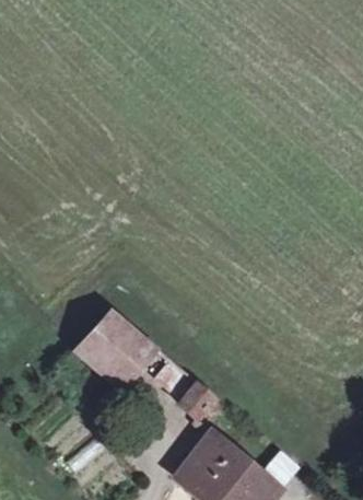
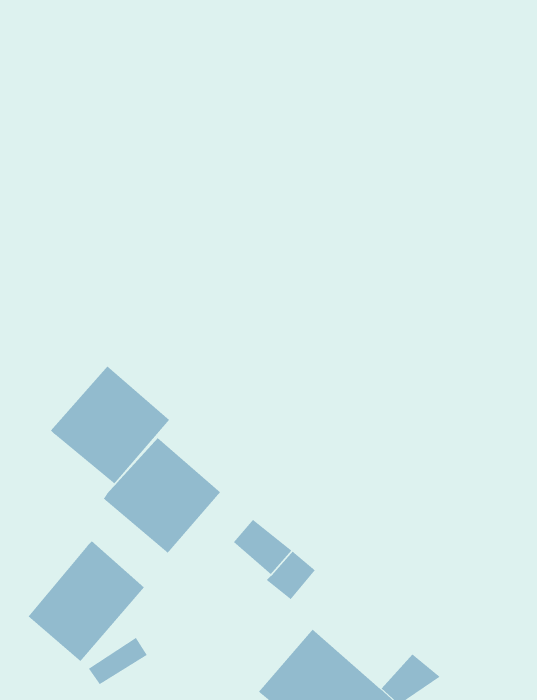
building: none -> [50,366,170,484]
building: none -> [27,540,145,662]

